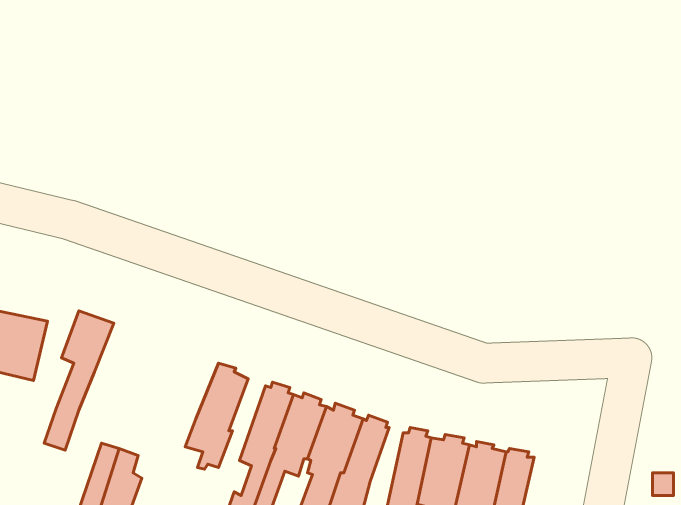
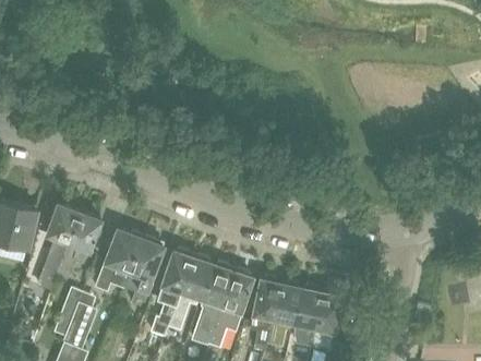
building: none -> [56,212,99,280]
building: none -> [95,228,144,290]

